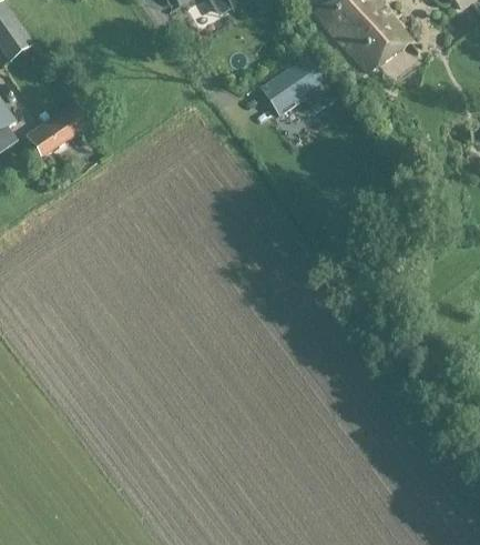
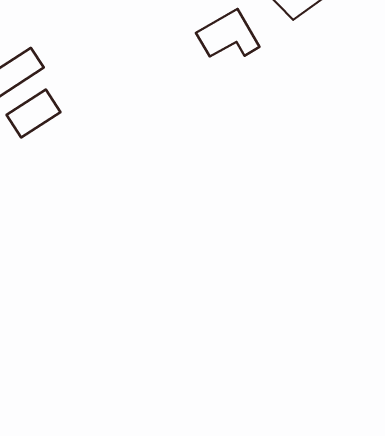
building: none -> [7,90,60,138]

